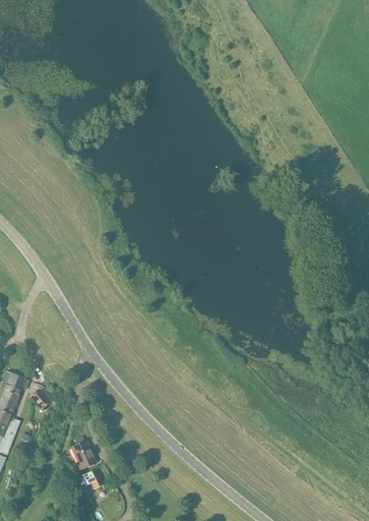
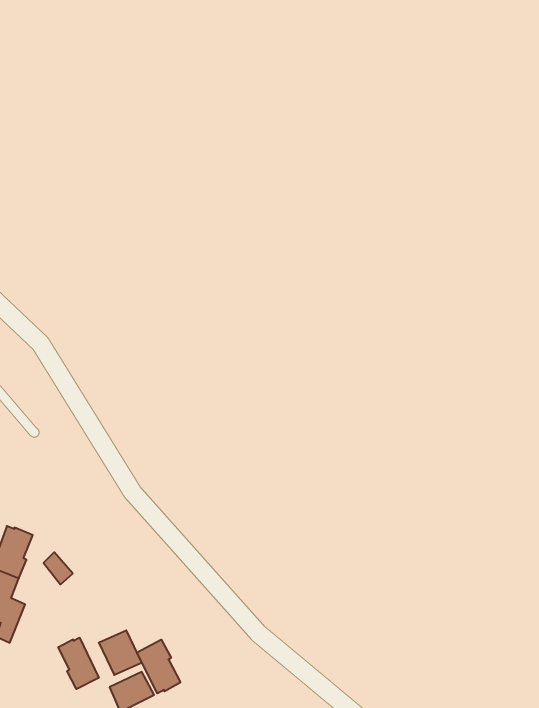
building: none -> [58,638,99,689]
building: none -> [137,640,180,693]

